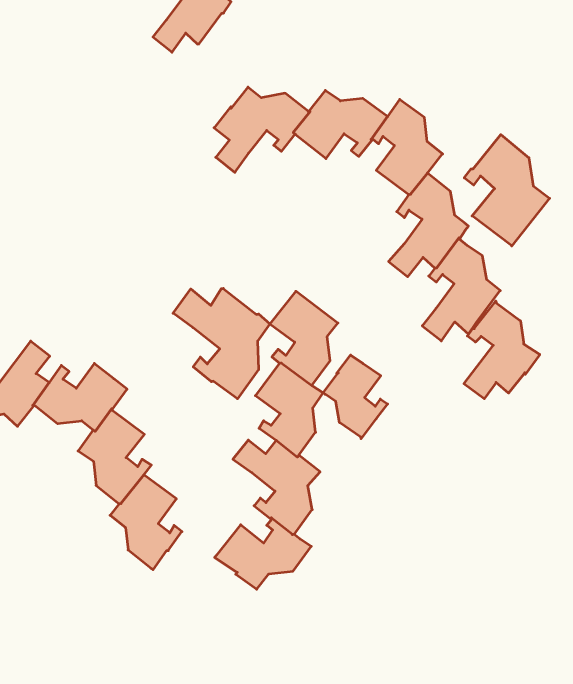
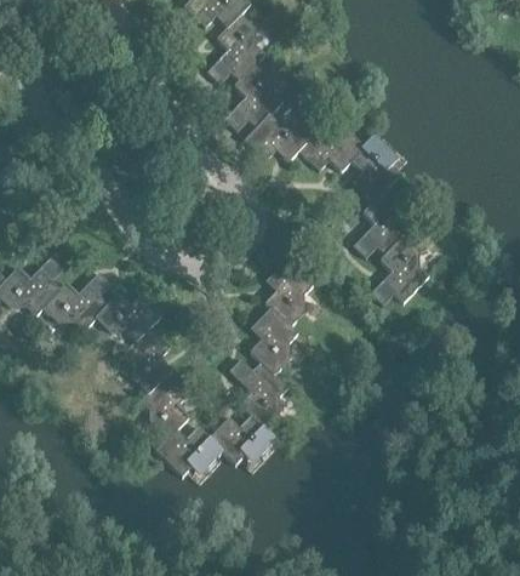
building: none -> [233,61,282,127]
building: [464,135,550,246] -> none
building: [173,288,270,399] -> none
building: [464,301,540,399] -> none
building: [323,355,388,439] -> none
building: none -> [155,426,223,475]

